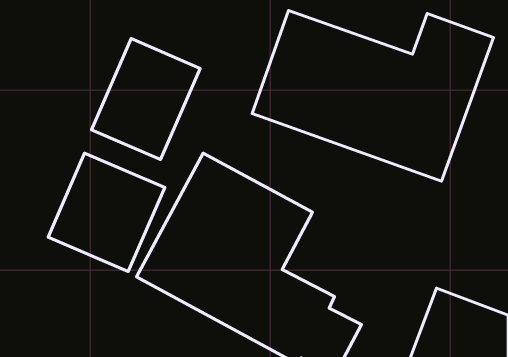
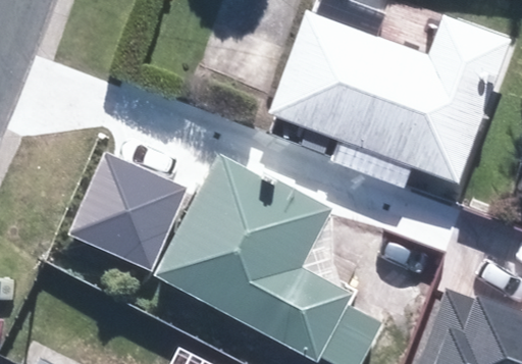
building: [92,39,200,160] -> none

